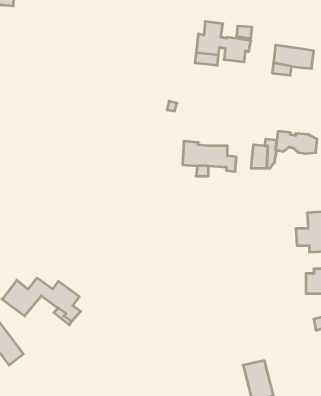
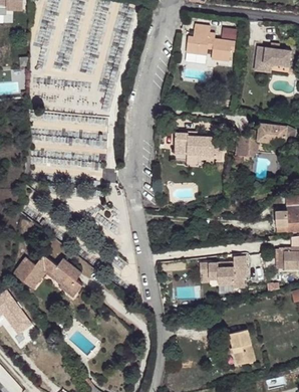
building: none -> [199,255,247,287]

